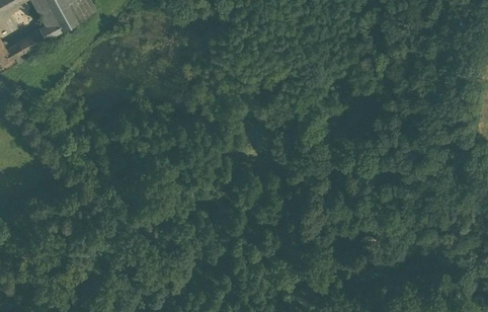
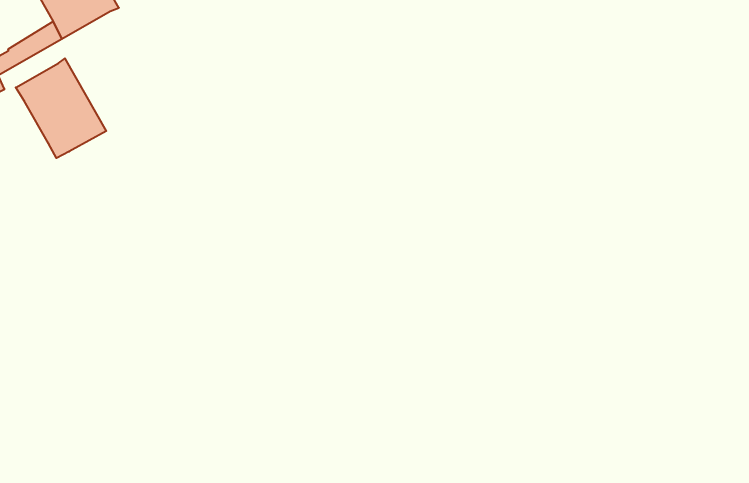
building: none -> [16,58,106,158]

